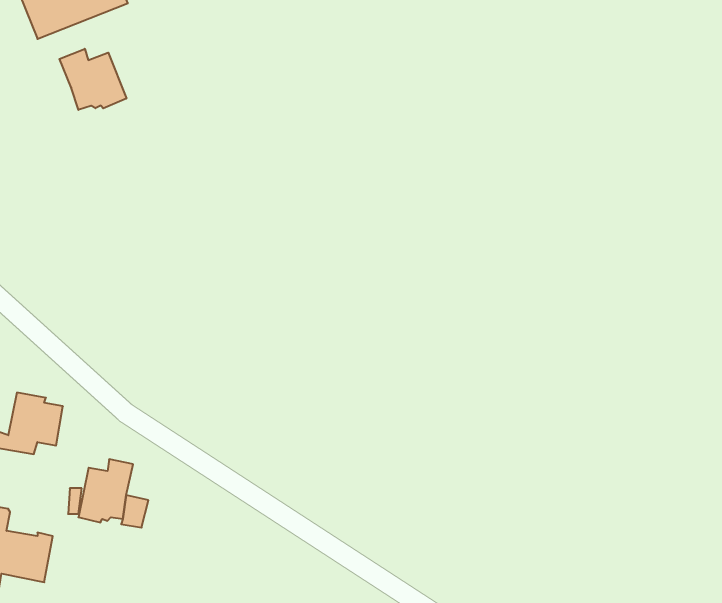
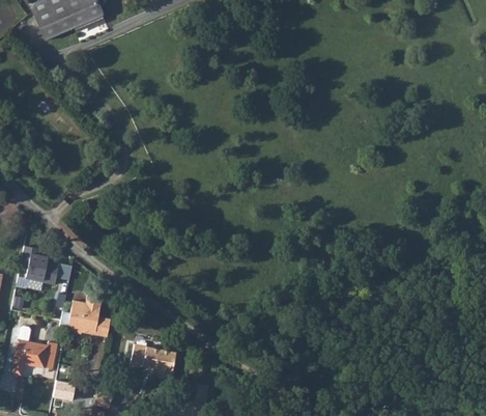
building: [59,49,126,110] -> none
building: none -> [134,348,179,376]

